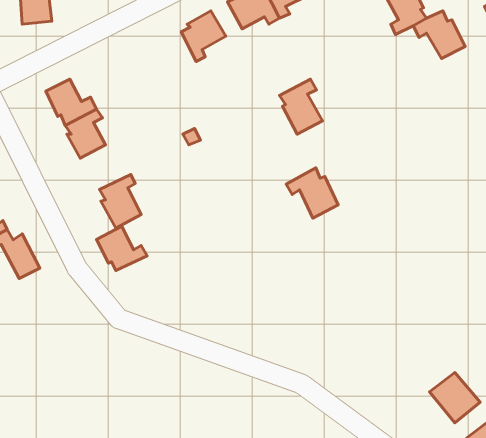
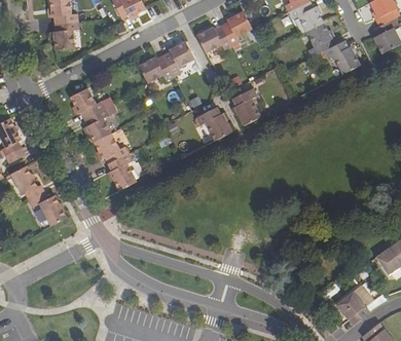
building: none -> [138,54,174,82]
building: [286,168,338,218] -> [195,106,231,141]
building: [96,226,147,271] -> [94,132,129,163]

